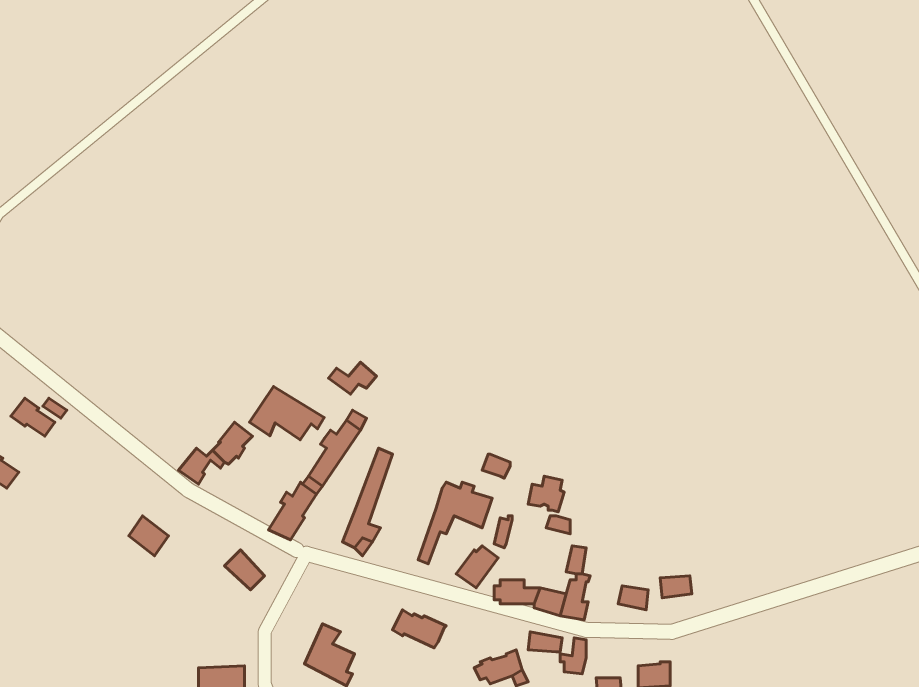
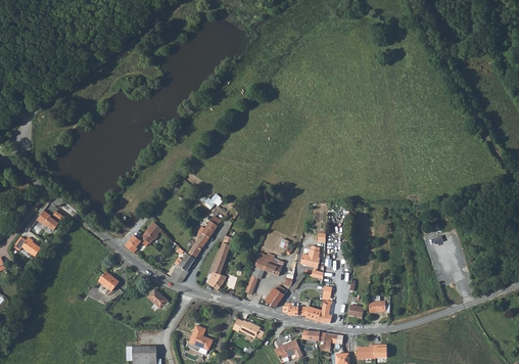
building: [250,387,324,440] -> none

